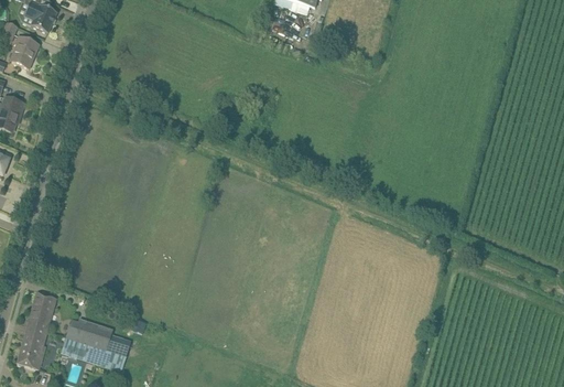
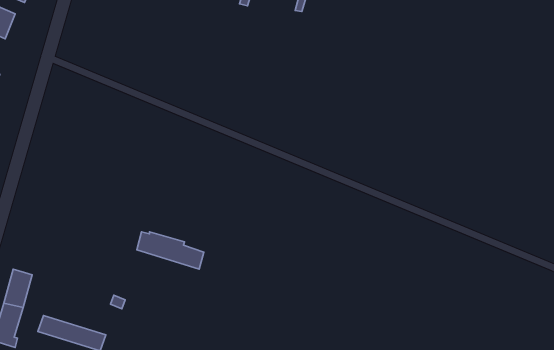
building: [66,319,131,355] -> [137,232,204,269]

